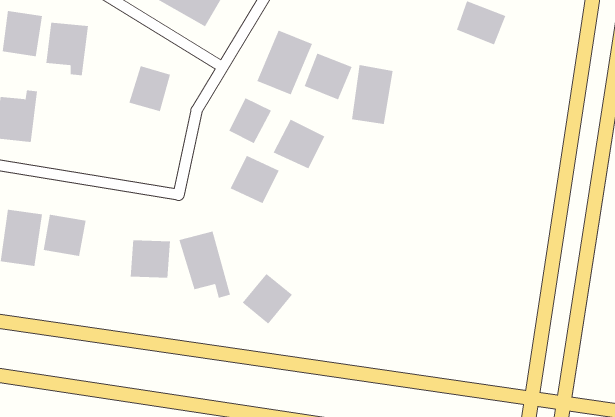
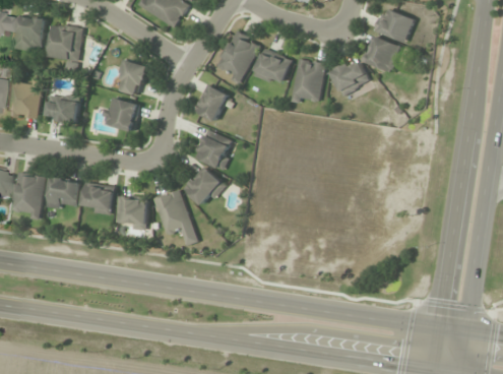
building: none -> [364,36,399,72]
building: none -> [330,59,368,96]
building: none -> [101,96,139,132]
building: none -> [47,97,76,121]
building: [273,119,325,169] -> none
building: none -> [81,185,113,213]
building: [242,273,293,324] -> [184,167,225,207]

